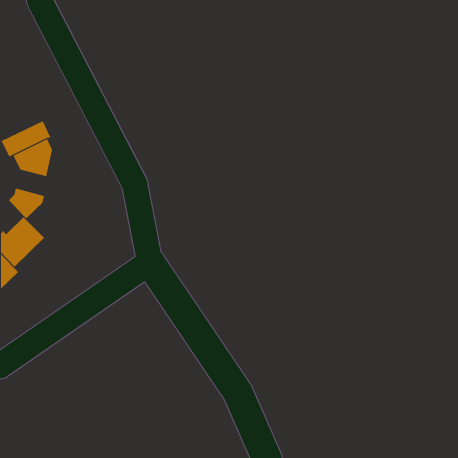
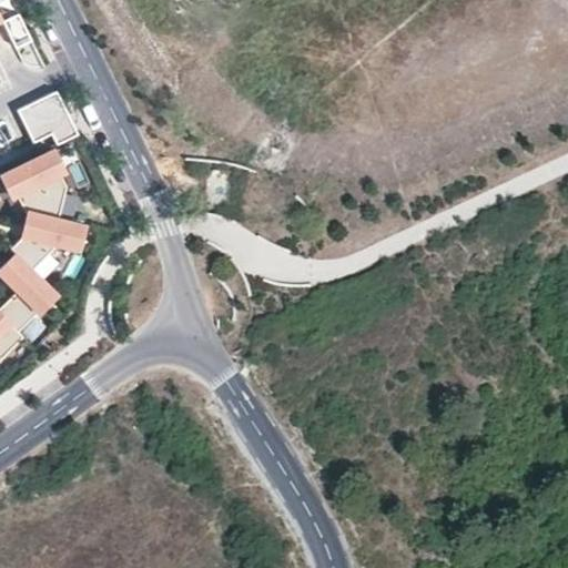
building: none -> [18,91,70,136]
building: none -> [20,211,84,248]

